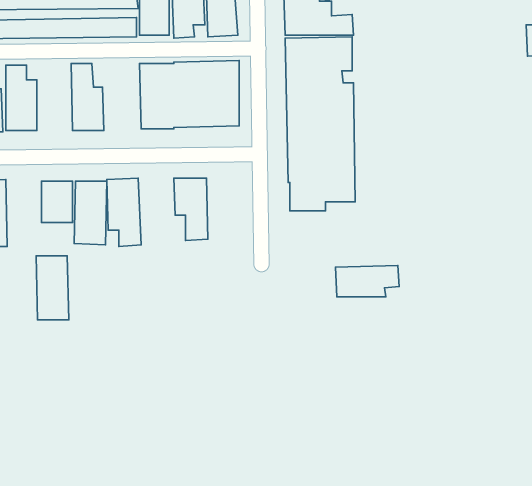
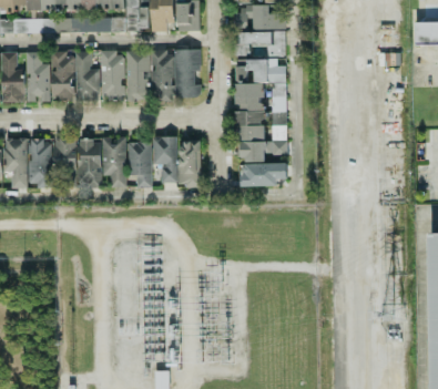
building: none -> [50,50,74,98]
building: none -> [100,50,123,99]
building: none -> [177,140,201,185]
building: none -> [126,141,151,186]
building: [36,256,69,320] -> [27,137,51,185]
building: [335,266,399,297] -> [240,162,287,185]

